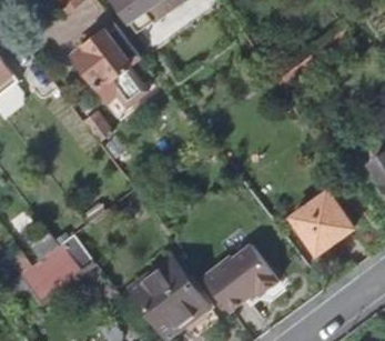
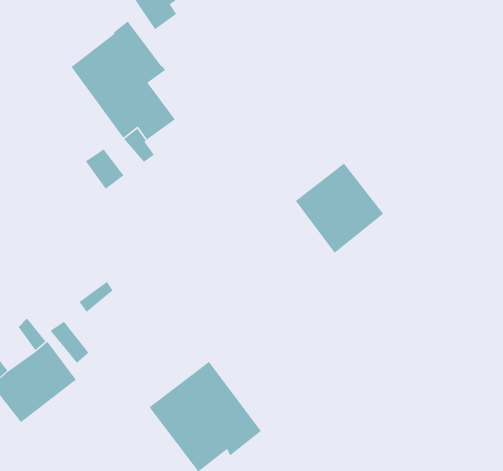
building: [286,191,348,254] -> [295,163,384,254]
building: [201,244,276,311] -> none

